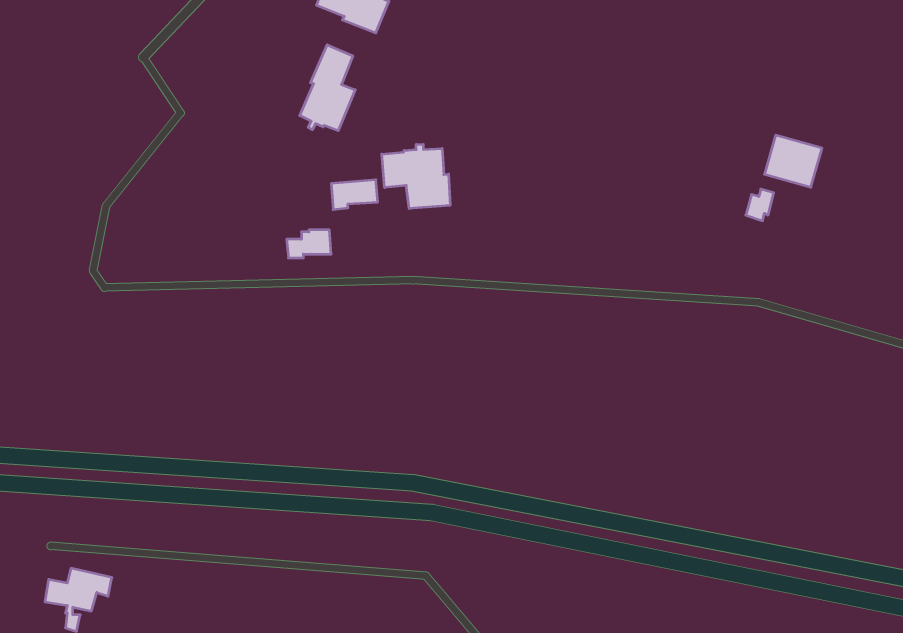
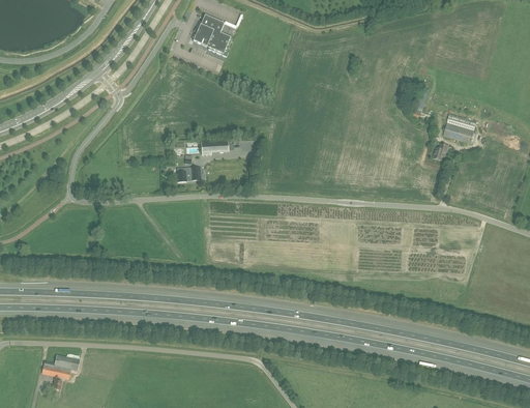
building: [300,45,355,131] -> none
building: [382,144,450,209] -> none

